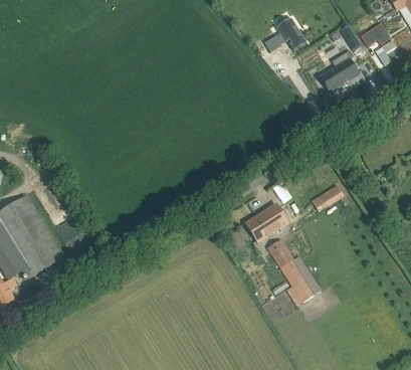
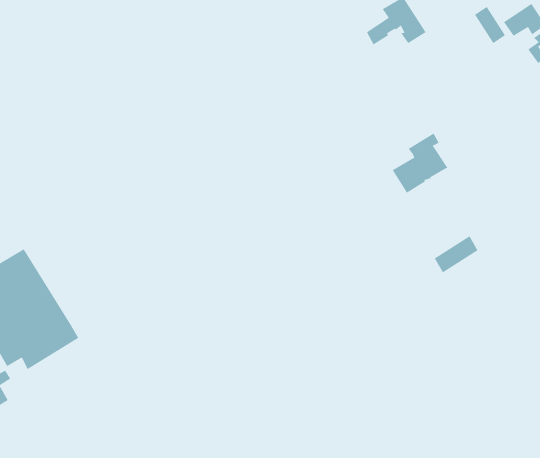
building: [320,49,359,91] -> [392,133,448,193]
building: [245,203,287,241] -> none
building: [267,238,321,305] -> none

